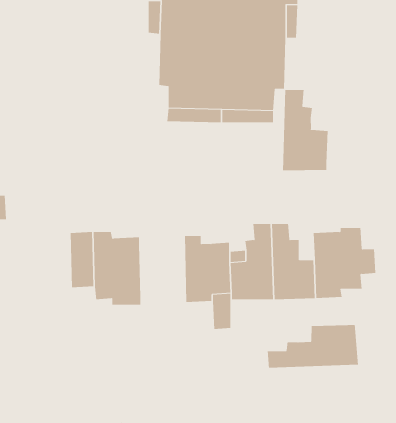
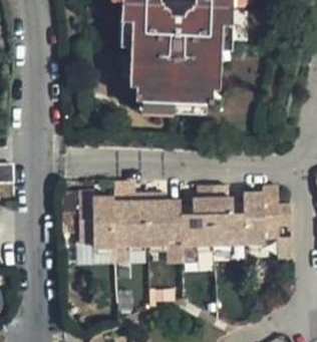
building: [283,89,328,171] -> none
building: none -> [113,197,147,248]
building: [267,324,358,368] -> none

